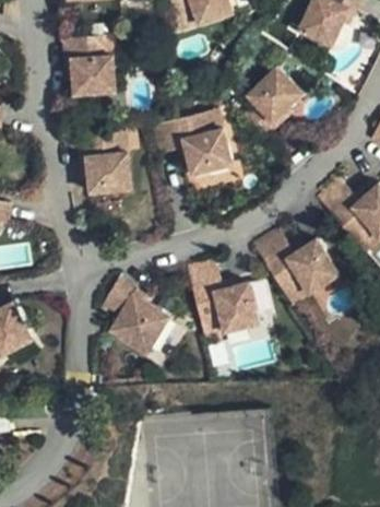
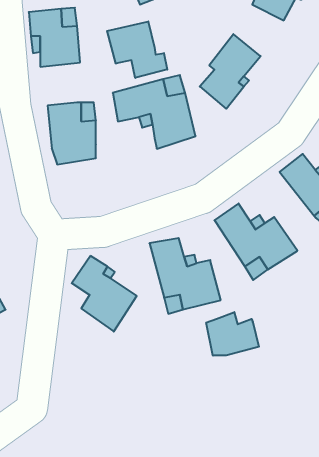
building: none -> [107,21,167,78]
building: none -> [206,312,259,356]

